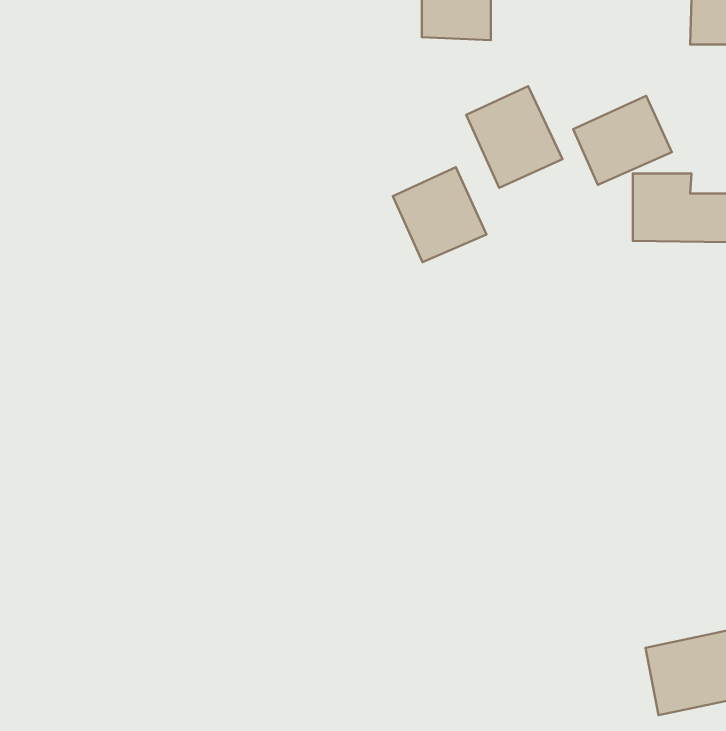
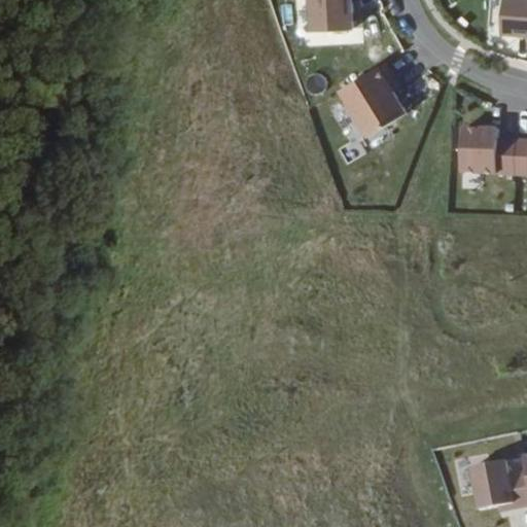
building: [573,96,672,185] -> none
building: [393,167,486,262] -> none

